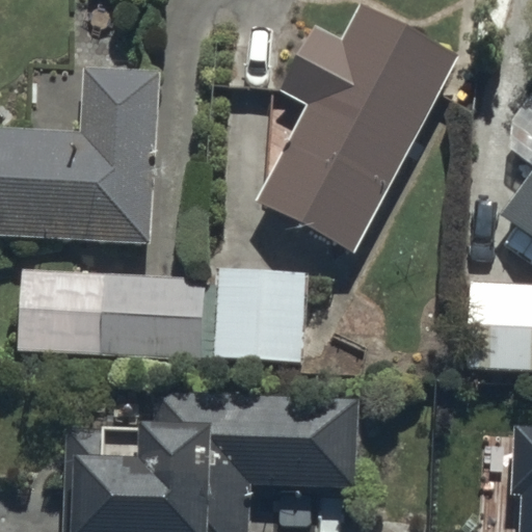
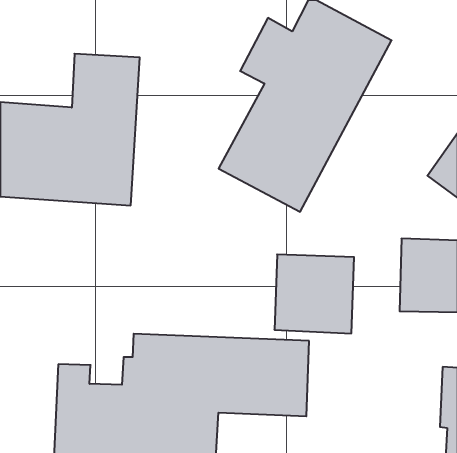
building: [18,271,206,360] -> none
building: [214,271,307,363] -> [274,254,354,333]

